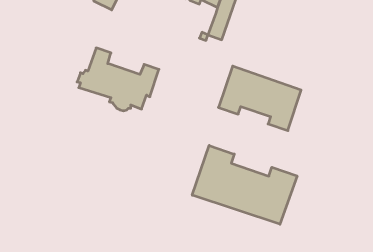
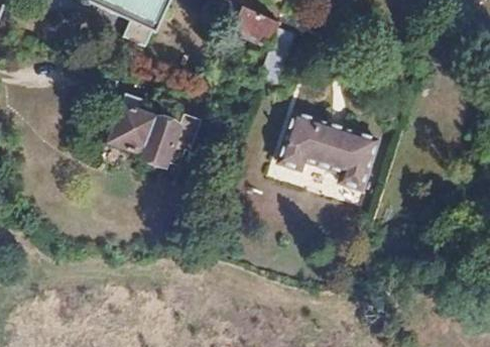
building: [192,145,297,224] -> none

